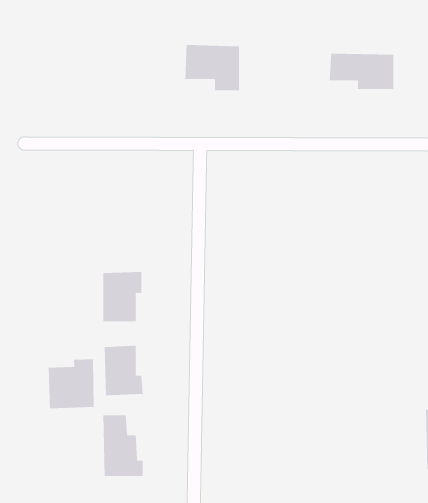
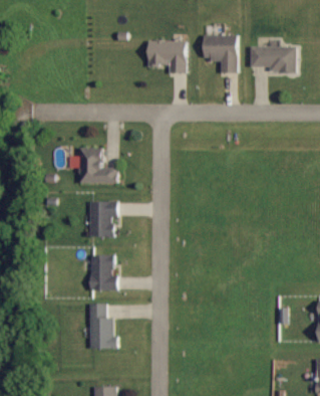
building: none -> [202,36,237,74]
building: none -> [68,149,117,185]
building: [48,358,95,409] -> none

